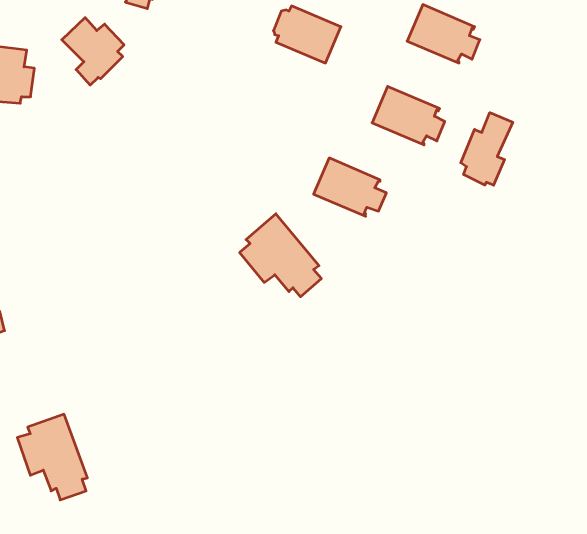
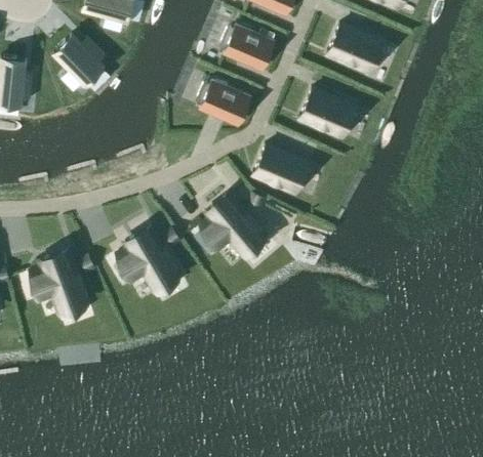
building: none -> [199,81,253,126]
building: [461,113,513,185] -> none
building: none -> [115,224,175,291]
building: [17,414,87,500] -> [29,247,84,315]

